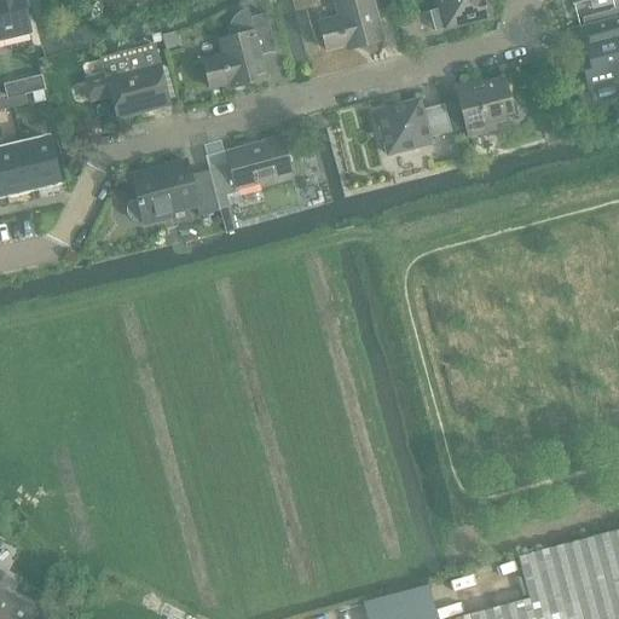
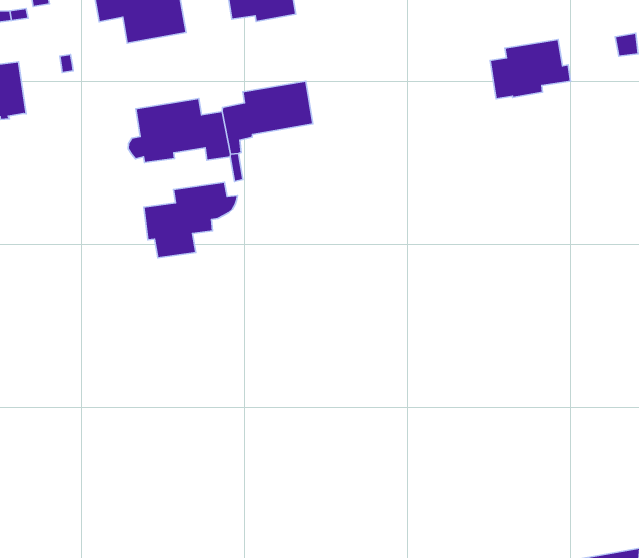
building: [376,100,451,154] -> none
building: [22,137,58,189] -> none
building: none -> [144,182,237,258]

